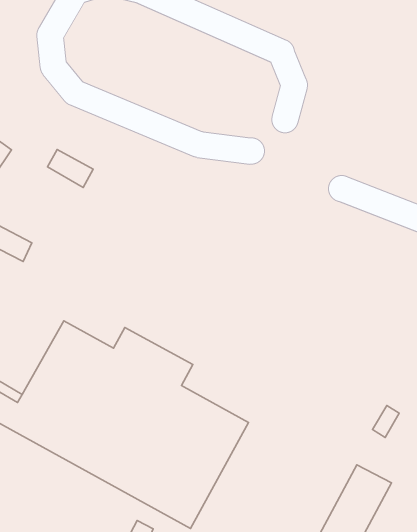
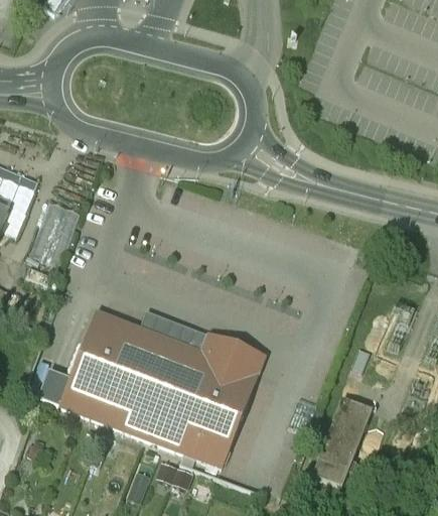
building: [48,150,93,188] -> [34,212,71,240]
building: none -> [198,334,262,374]

